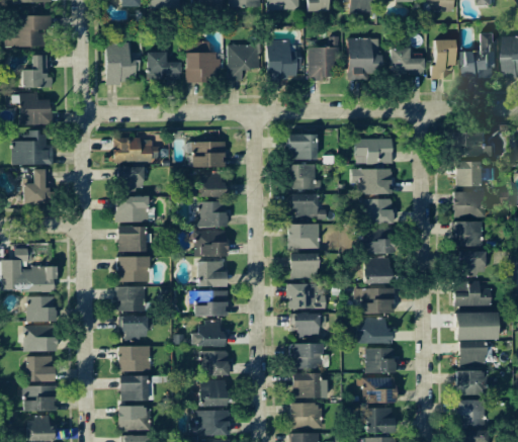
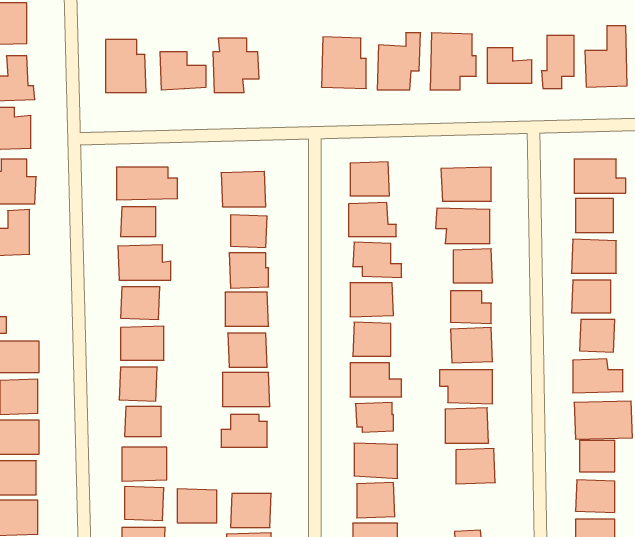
building: [229,45,261,81] -> none
building: [200,350,230,375] -> [177,489,217,523]
building: [358,377,397,403] -> none

